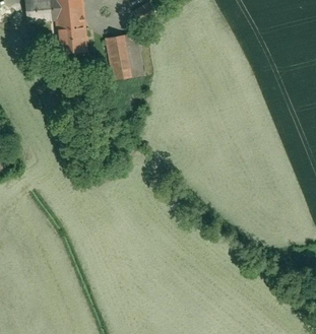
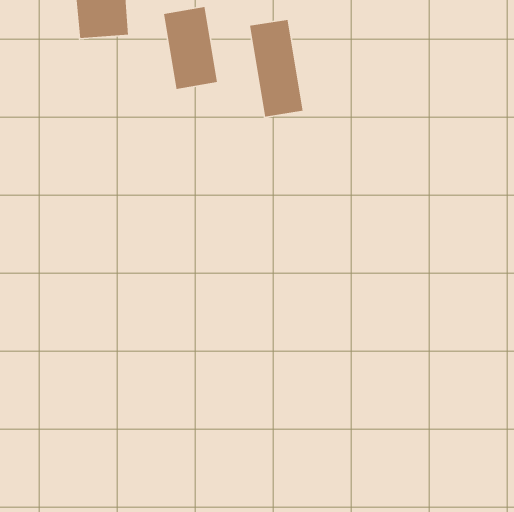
building: none -> [249,19,303,117]

